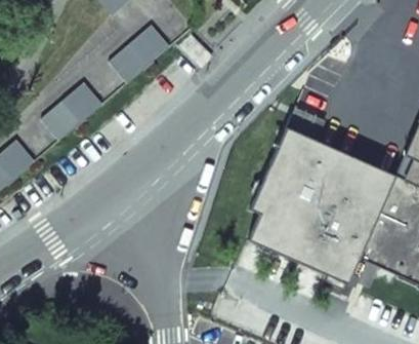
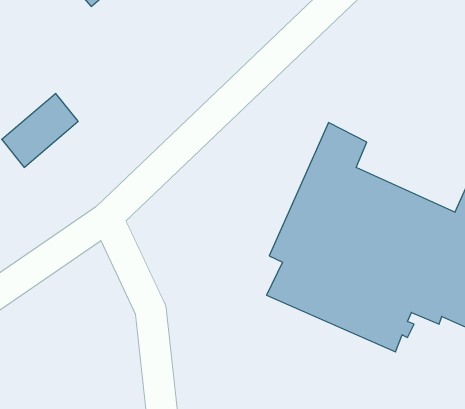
building: [109,26,168,83] -> none

